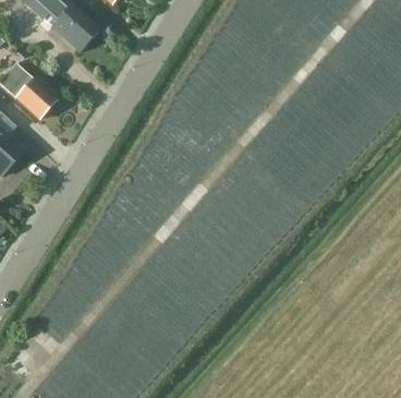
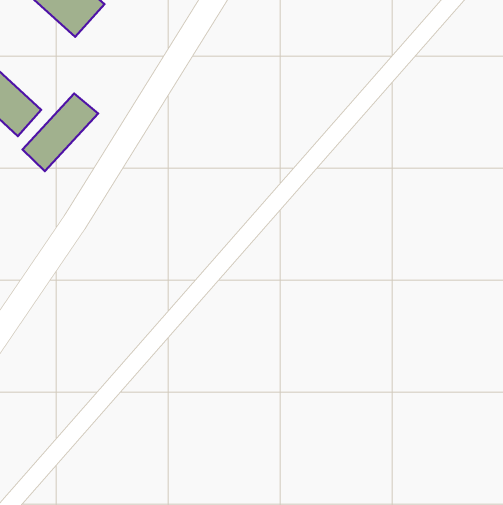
building: none -> [22,93,98,171]

